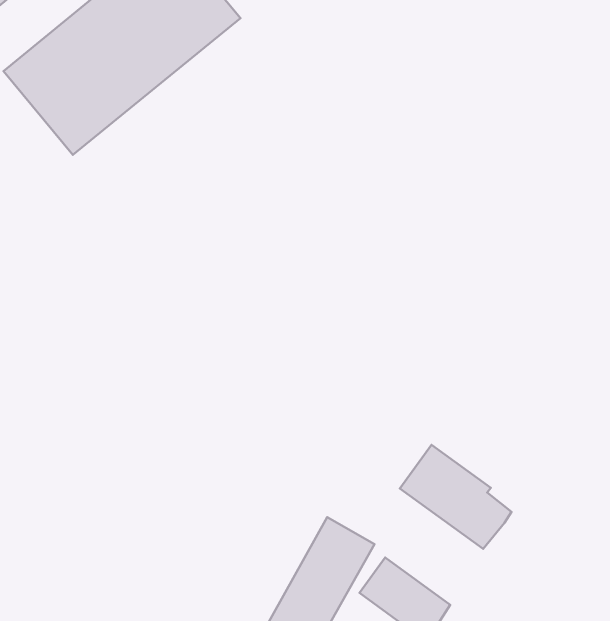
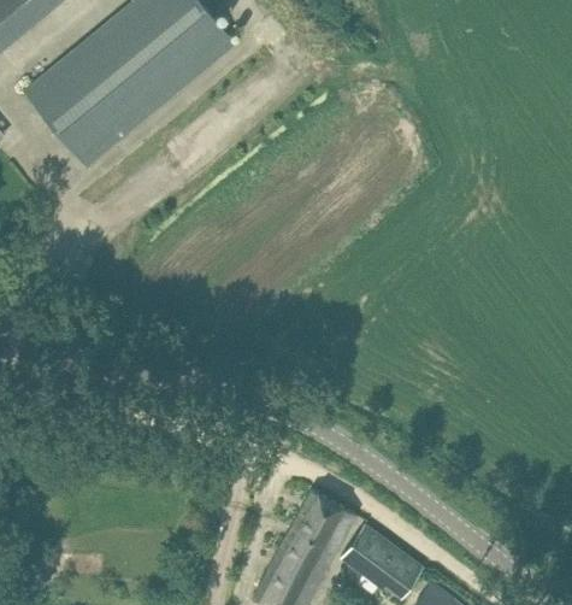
building: [400,445,512,549] -> none

